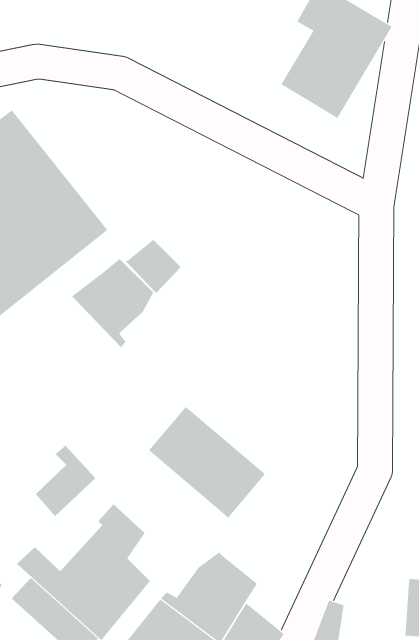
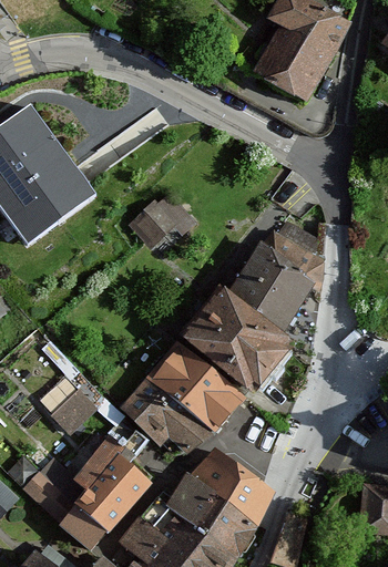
building: [71,258,154,348] -> none
building: none -> [180,229,316,393]
building: none -> [120,377,212,455]
building: none -> [207,453,272,527]

